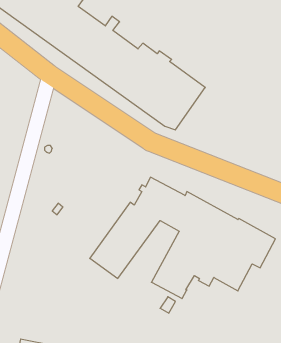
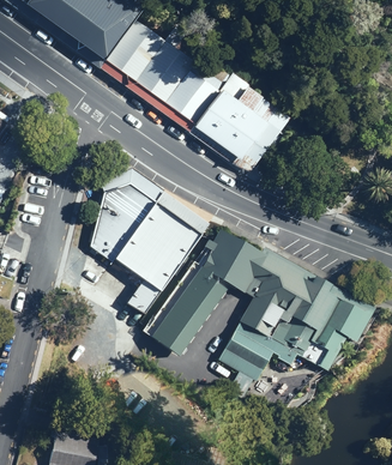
building: none -> [92,183,199,312]

